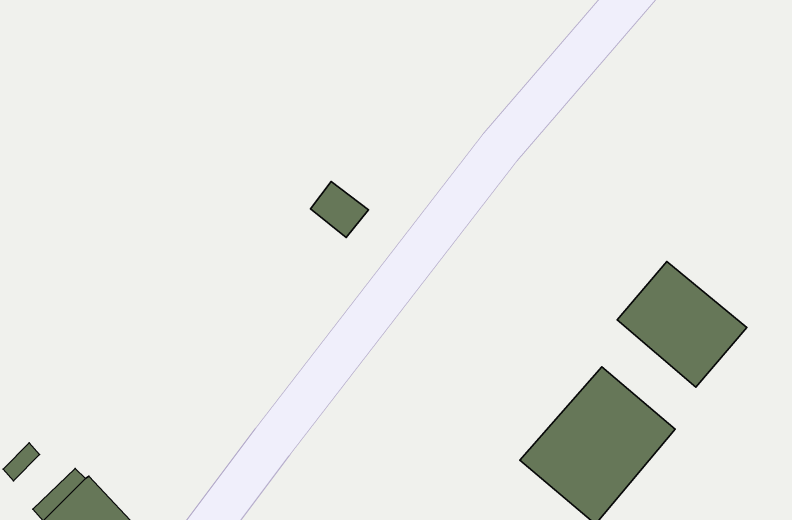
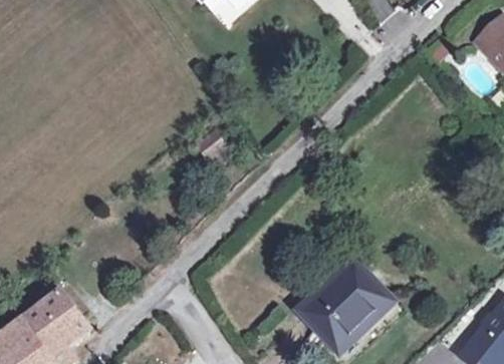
building: [617,262,747,387] -> none

